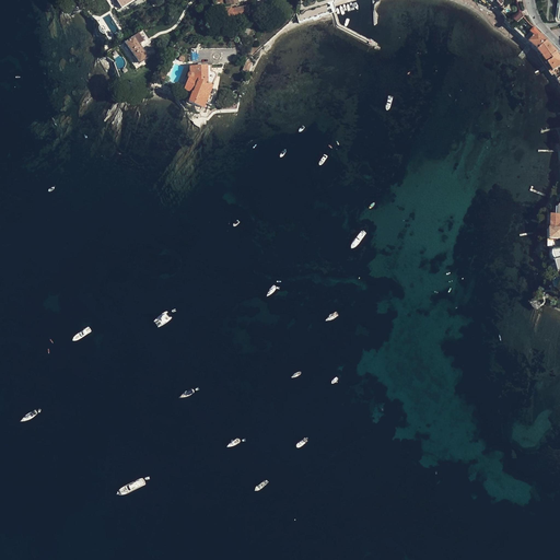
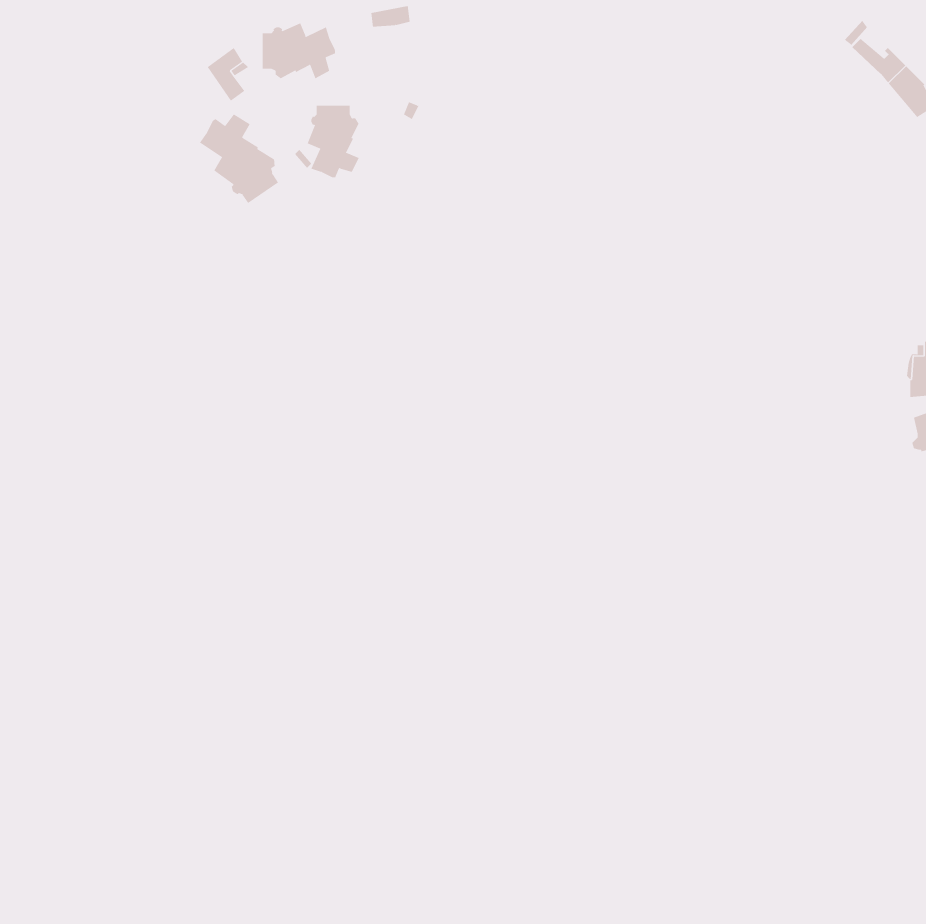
building: none -> [262,23,335,79]
building: none -> [199,114,279,204]

